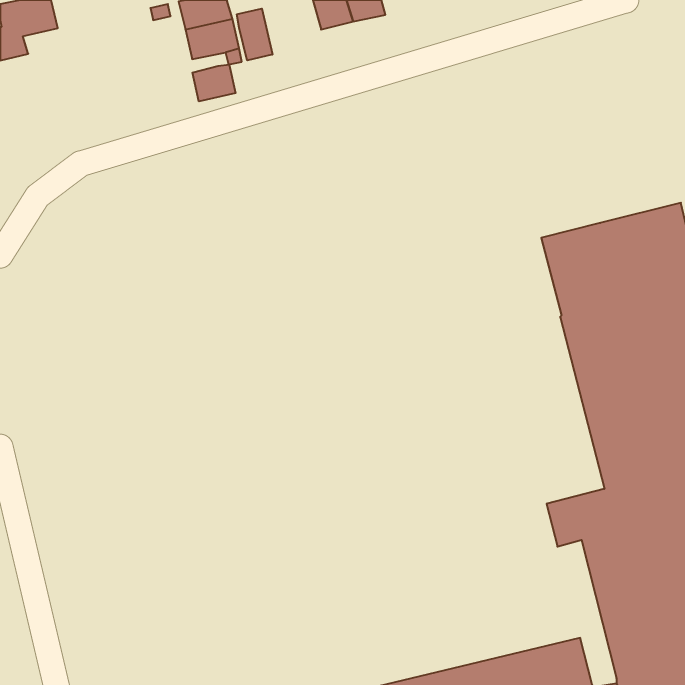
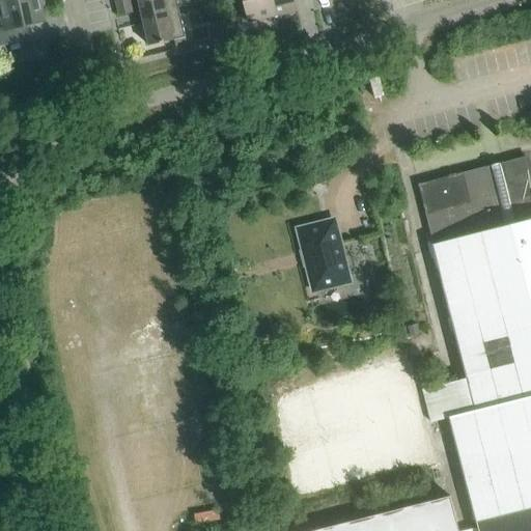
building: [237,9,272,60] -> none
building: [192,64,236,101] -> none
building: none -> [301,219,350,286]

